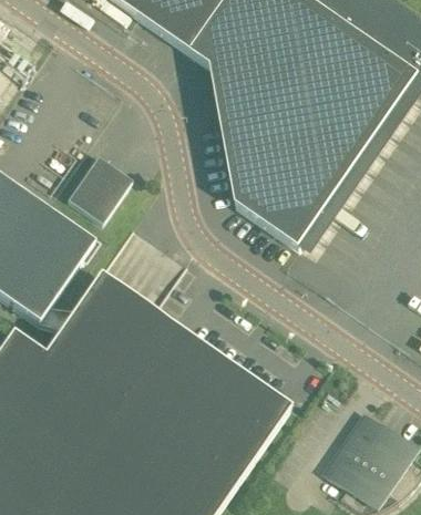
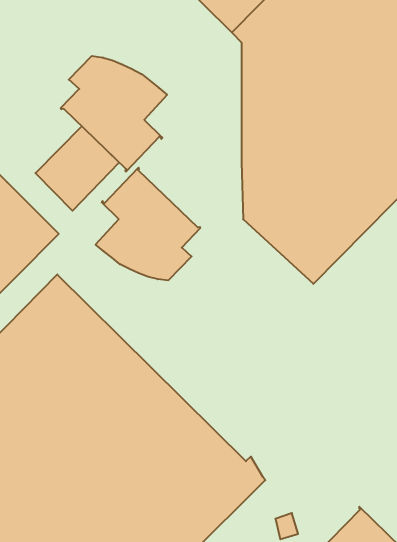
building: none -> [61,56,167,172]
building: none -> [96,168,200,280]

